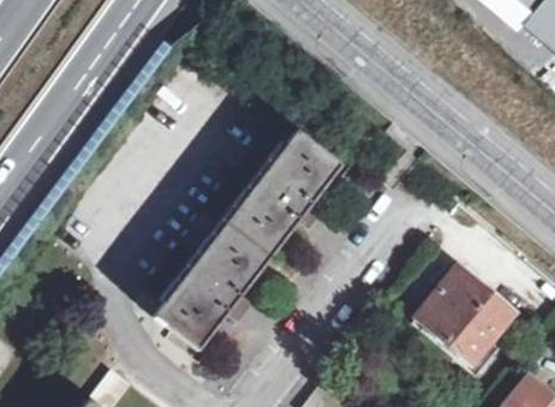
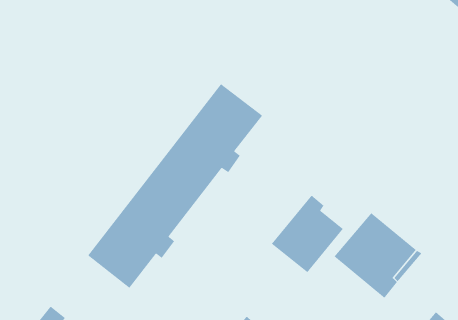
building: none -> [271,194,344,273]

